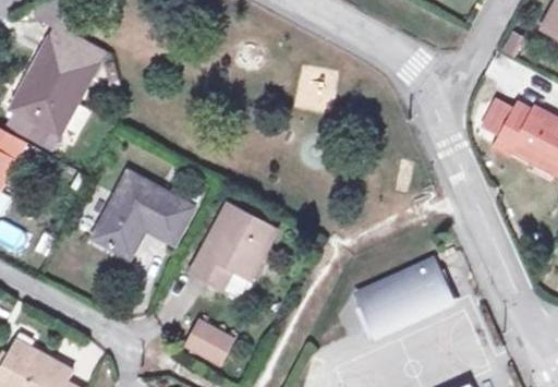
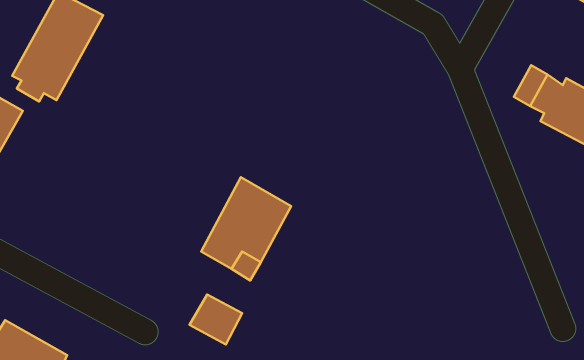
building: [94,170,193,253] -> none
building: [353,266,447,337] -> none

